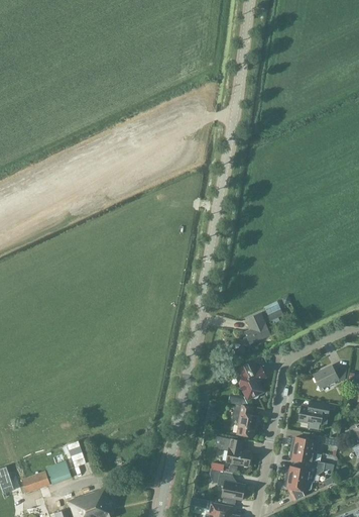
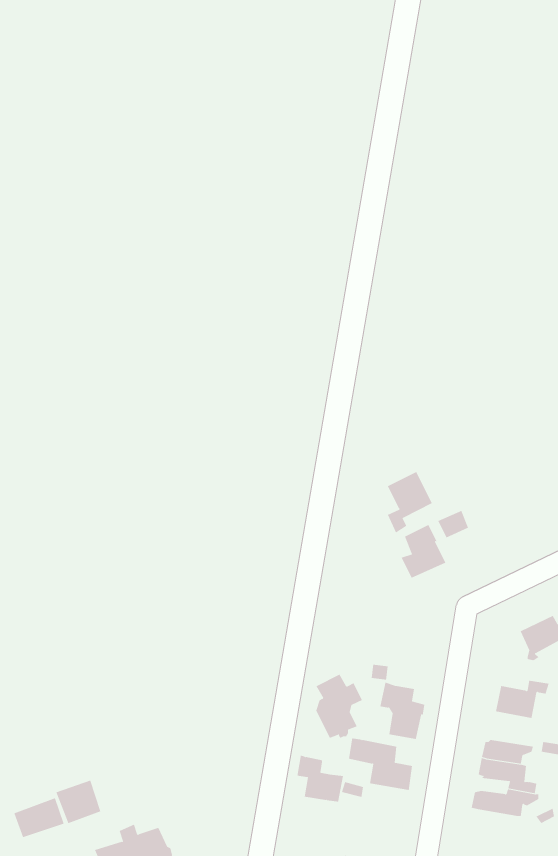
building: none -> [387,471,433,533]
building: [239,361,266,399] -> [315,674,363,739]
building: [218,473,245,500] -> [297,755,344,802]
building: [283,477,312,500] -> none

